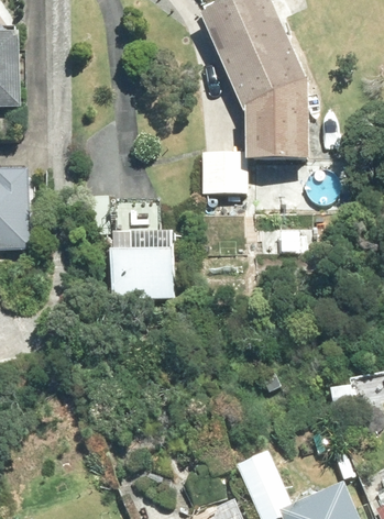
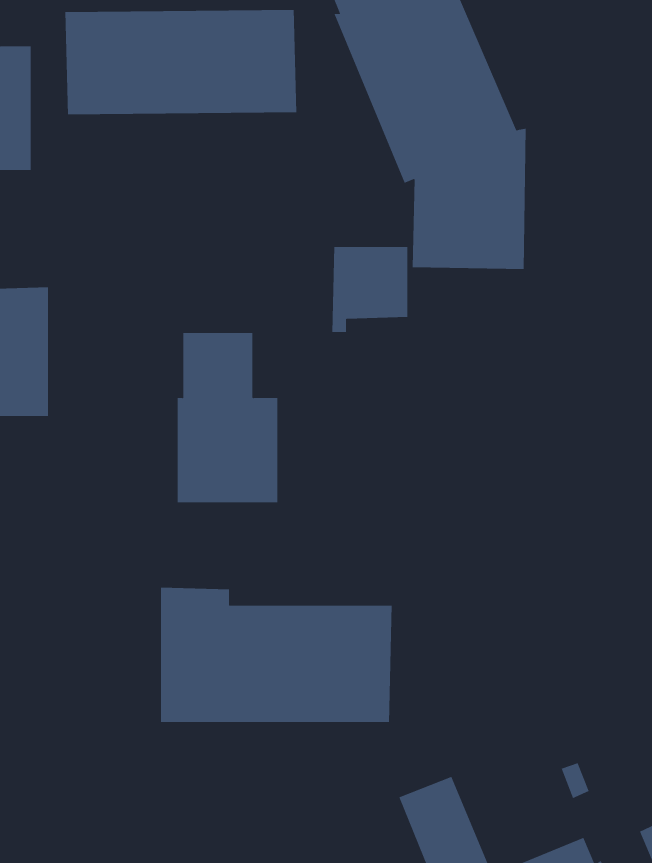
building: none -> [65,9,297,115]
building: none -> [161,587,392,723]

